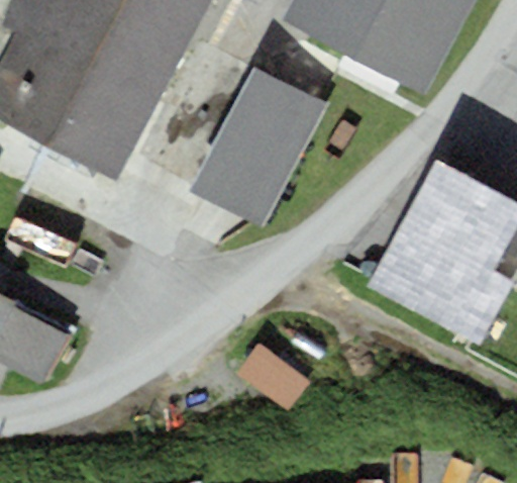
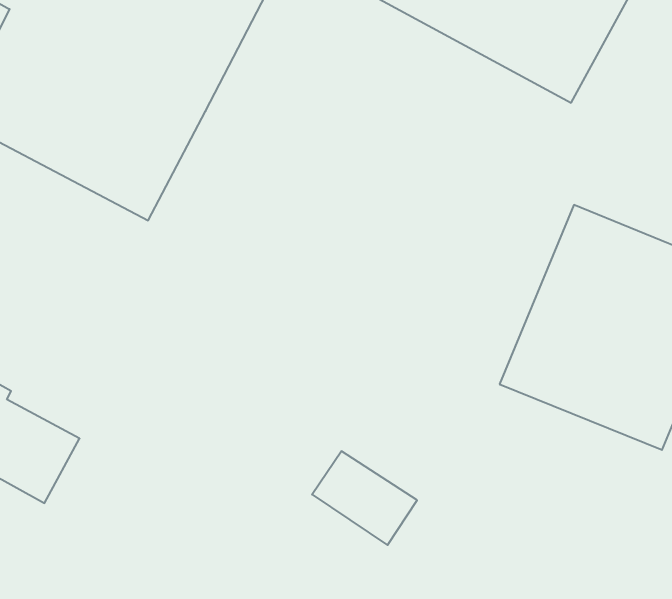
building: [191,65,326,224] -> none

